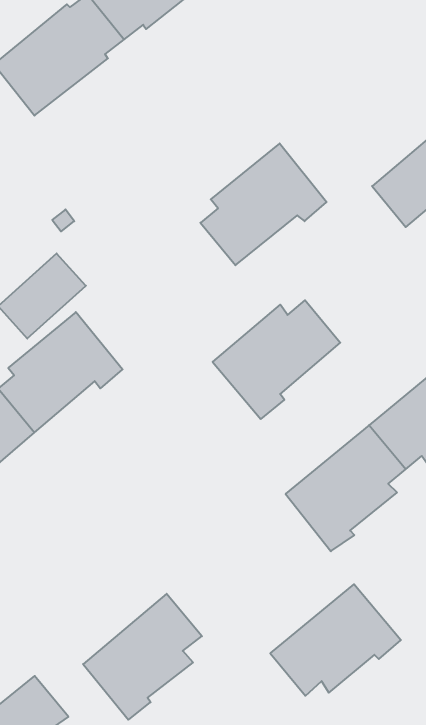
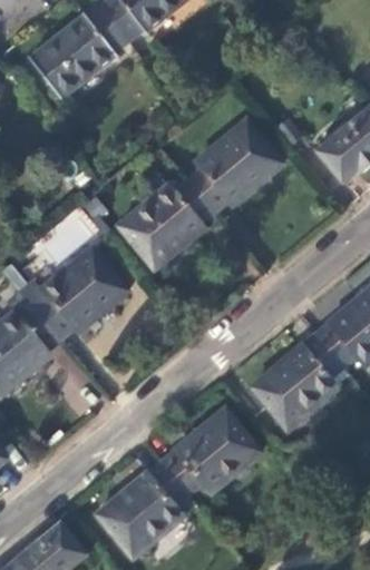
building: [213,300,340,419] -> [117,179,214,269]
building: [270,584,401,696] -> [162,409,261,493]

